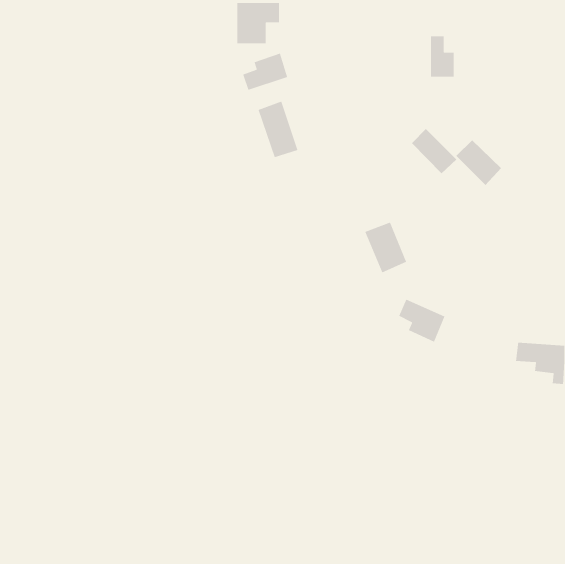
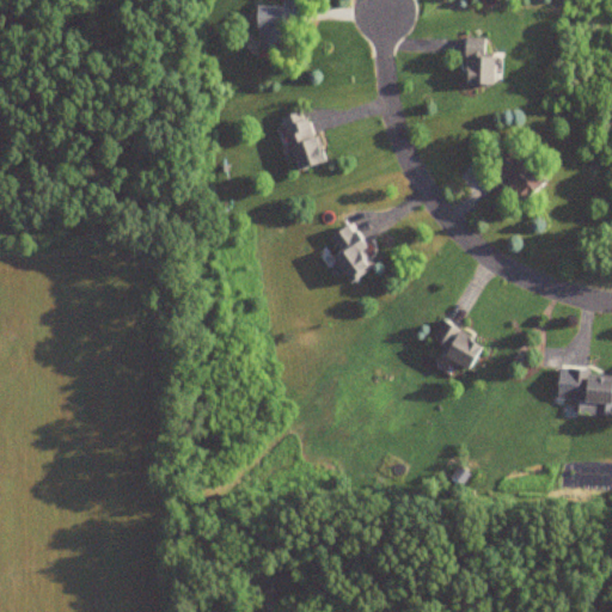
building: [242,52,288,91] -> none
building: [411,128,457,174] -> none
building: [364,221,407,273] -> [325,227,372,283]

